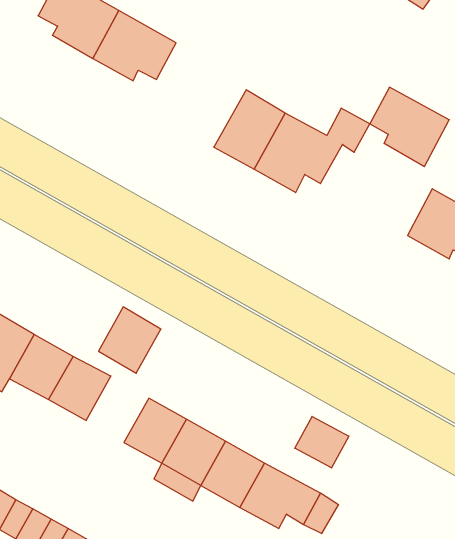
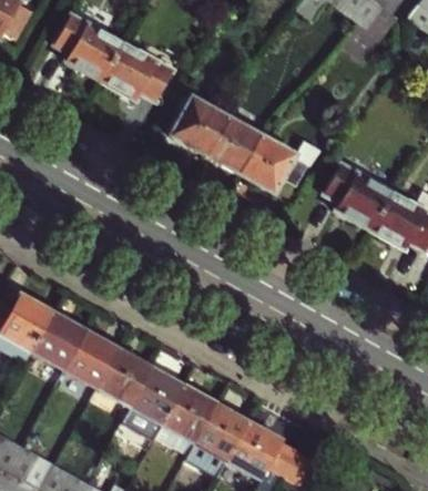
building: none -> [170,85,232,154]
building: [370,87,449,167] -> [323,162,390,229]
building: [99,307,161,373] -> [95,349,149,406]
building: [295,416,349,468] -> none

